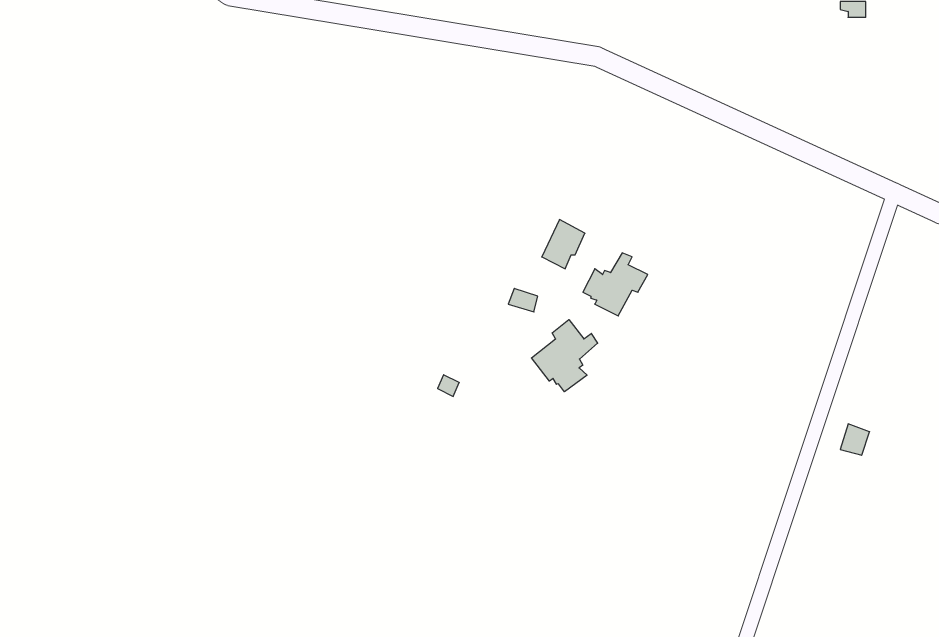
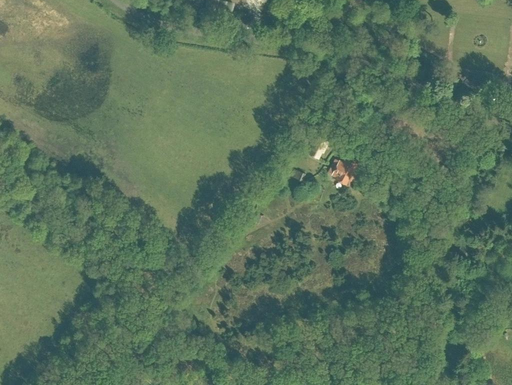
building: [531,320,598,392] -> none

